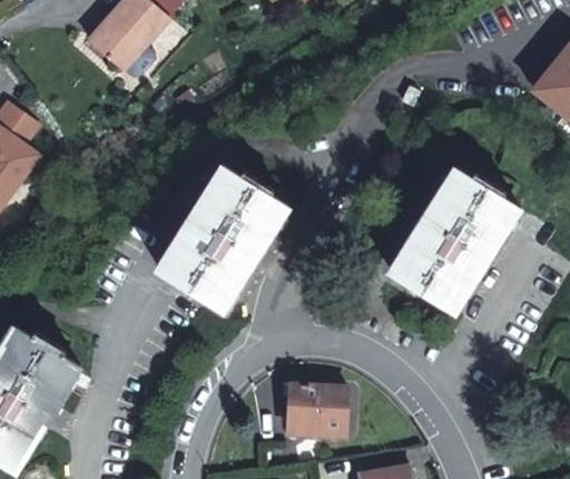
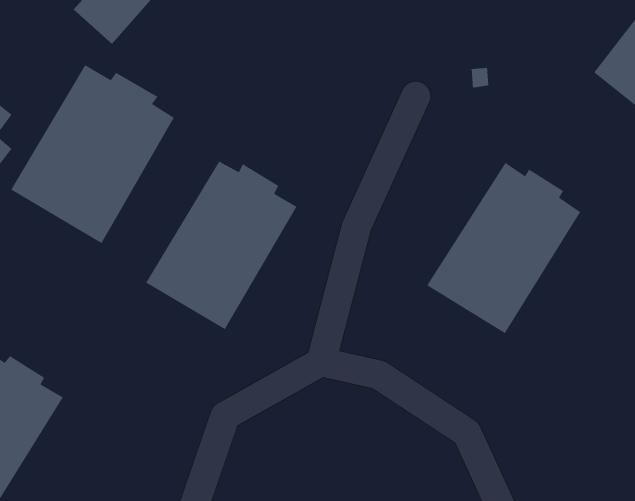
building: none -> [10,64,175,244]
building: [292,383,350,438] -> none

